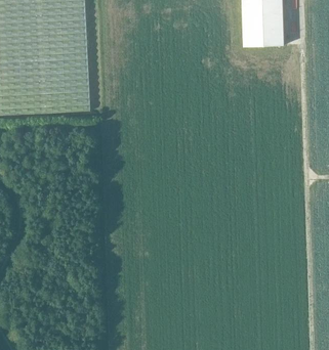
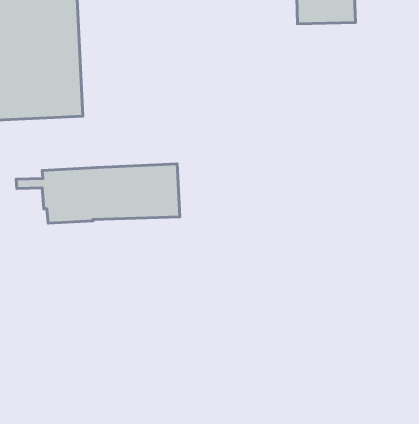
building: none -> [16,164,180,223]

